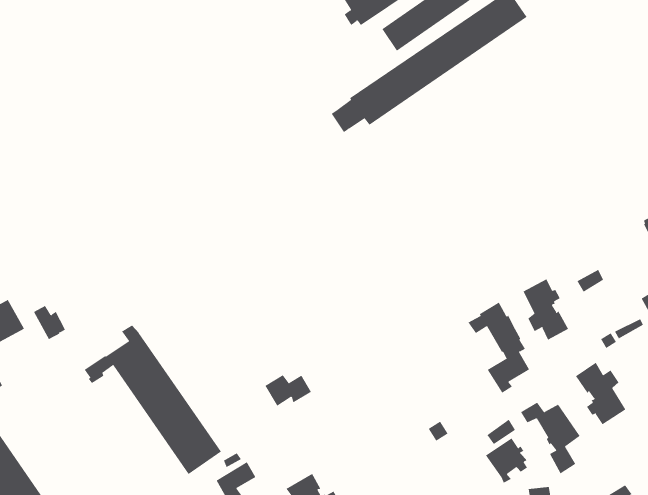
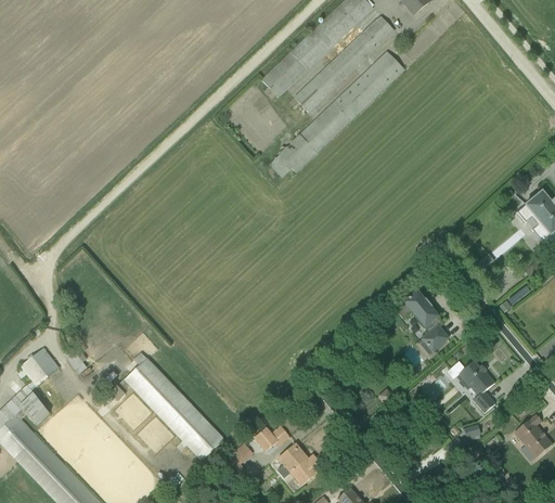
building: [523,279,569,341] -> none
building: [575,362,626,425] -> none
building: [264,375,312,406] -> [254,425,291,452]
building: [485,438,528,483] -> none

